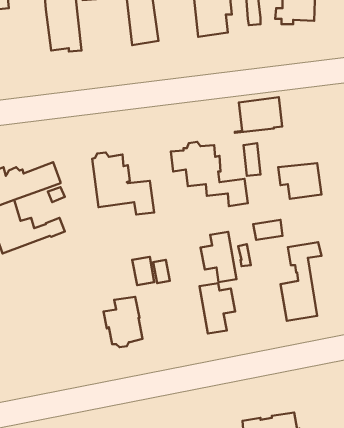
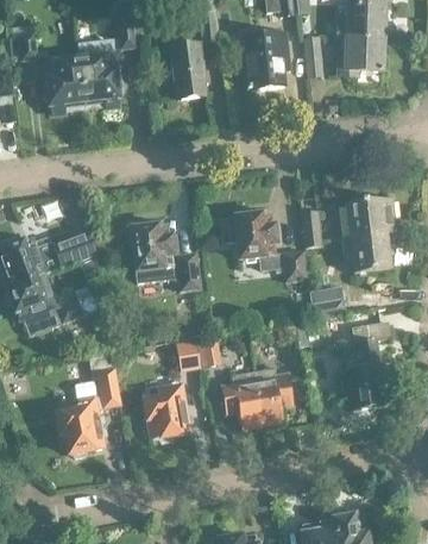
building: none -> [46,58,86,113]
building: [235,97,282,133] -> [342,196,396,237]
building: [201,232,236,282] -> [222,371,263,429]
building: none -> [58,361,120,456]

